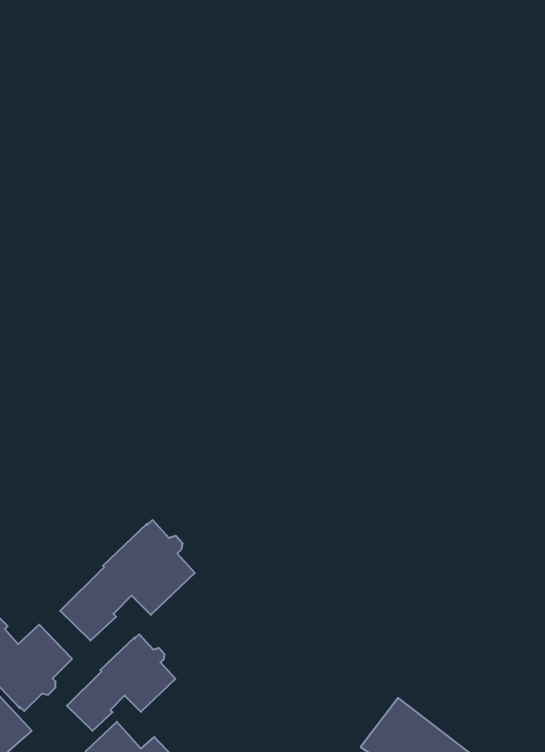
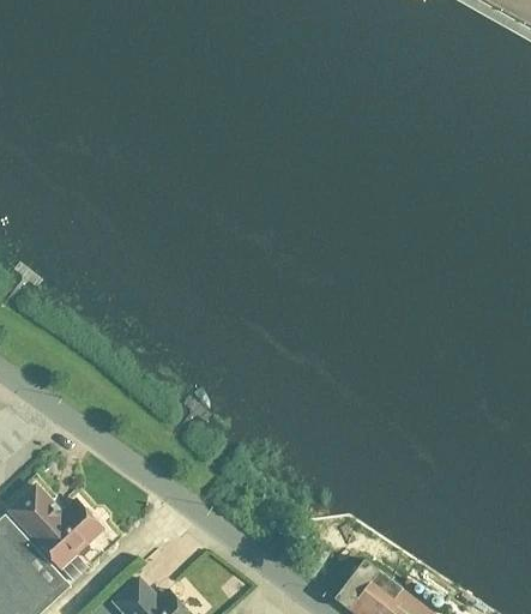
building: [60,520,195,641] -> none
building: [67,634,175,731] -> none

